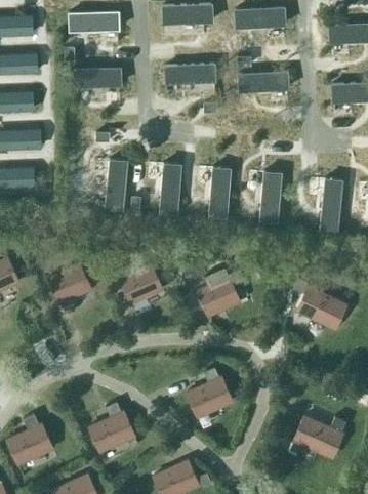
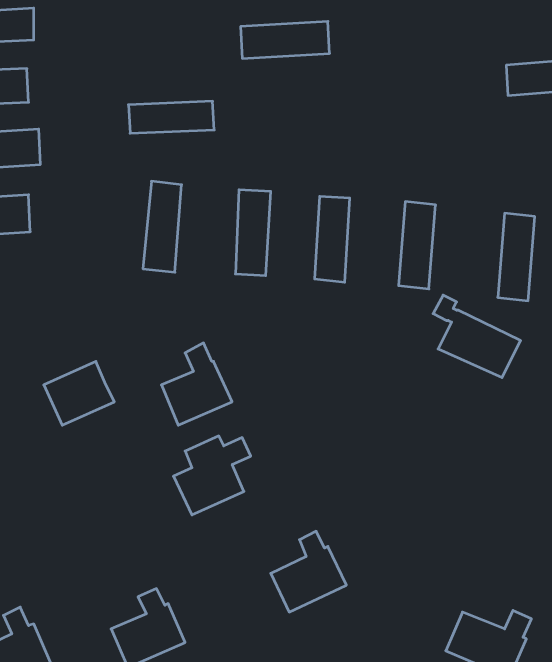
building: [72,66,124,85] -> [128,101,214,133]
building: [239,71,289,91] -> none
building: [194,271,241,319] -> [173,436,251,515]
building: [290,281,343,331] -> [433,295,521,378]

